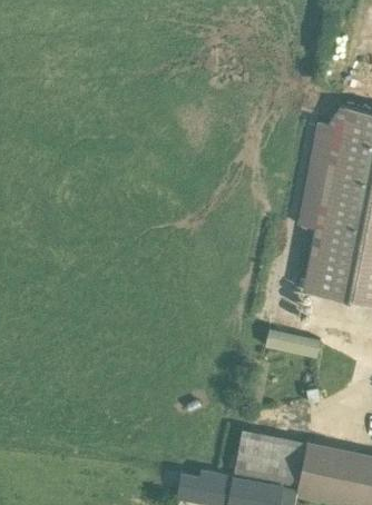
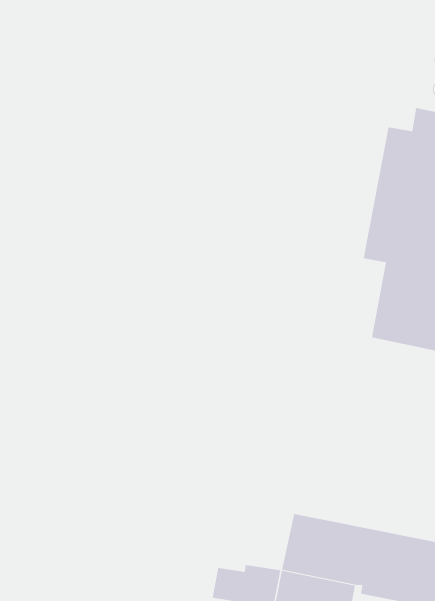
building: [265,329,320,358] -> none

